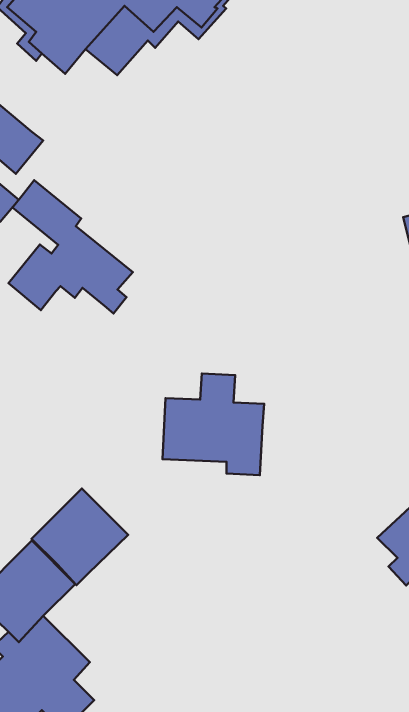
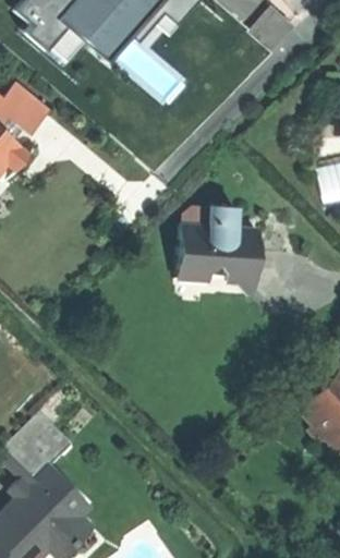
building: [8,180,133,313] -> none
building: [163,374,264,475] -> [180,208,256,284]
building: [32,489,128,585] -> none

